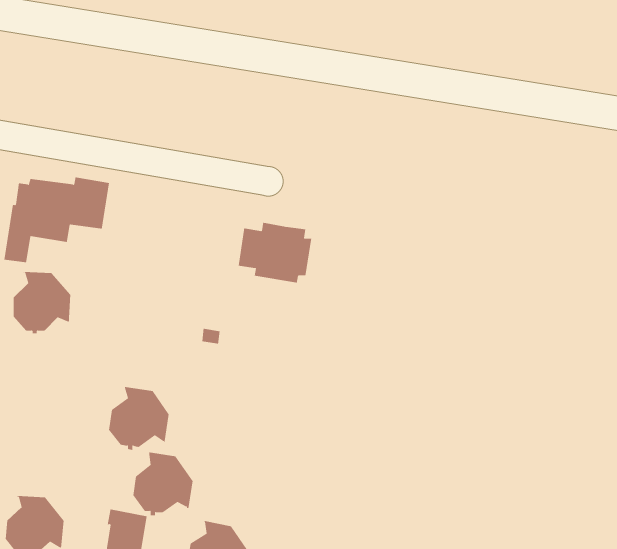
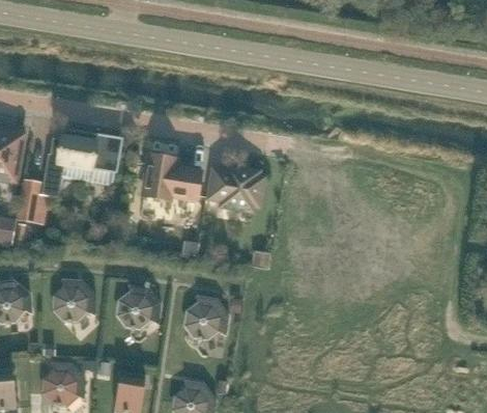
building: none -> [143,154,201,199]
building: [13,271,71,334] -> [54,277,95,322]
building: [132,452,194,516] -> [185,294,229,339]

